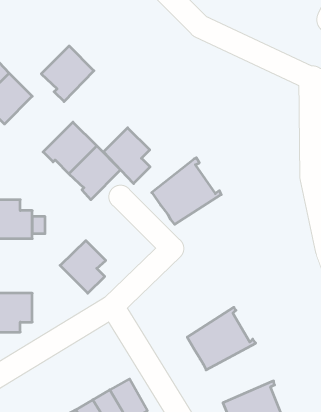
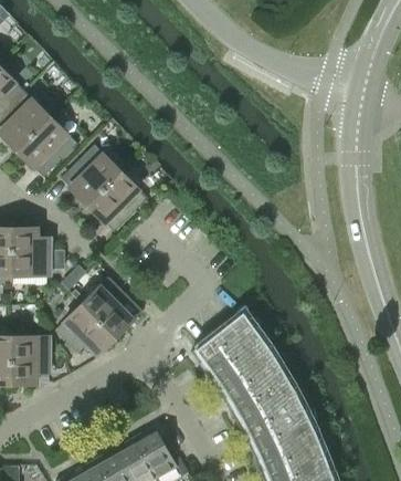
building: [41,46,94,102] -> [19,117,77,179]
building: [103,128,150,184] -> none
building: [152,158,221,224] -> [197,311,274,385]
building: none -> [56,305,112,353]
building: none -> [243,391,318,458]

